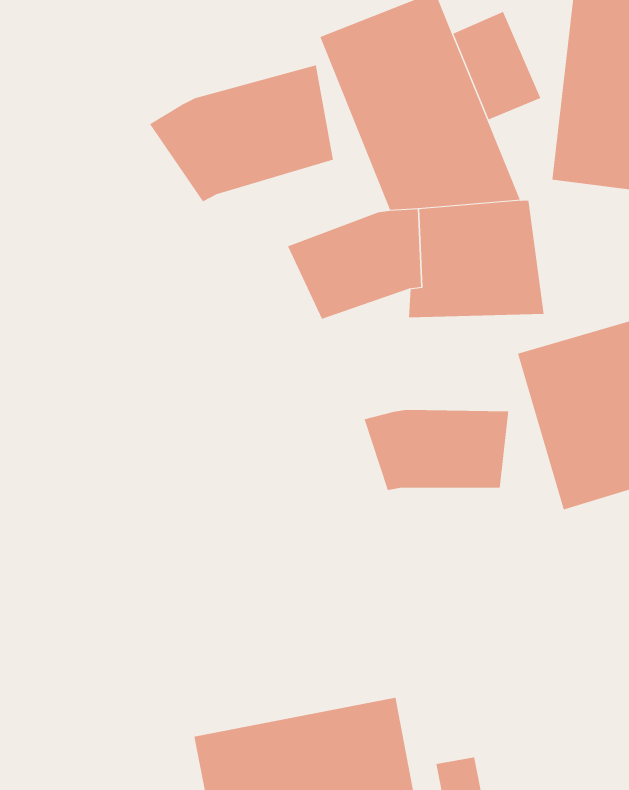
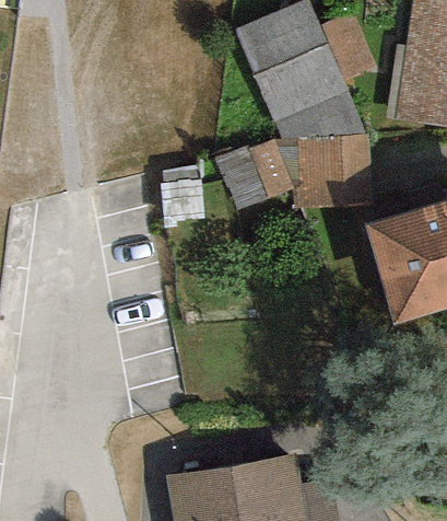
building: [149,65,333,202] -> none
building: [364,409,509,491] -> none

